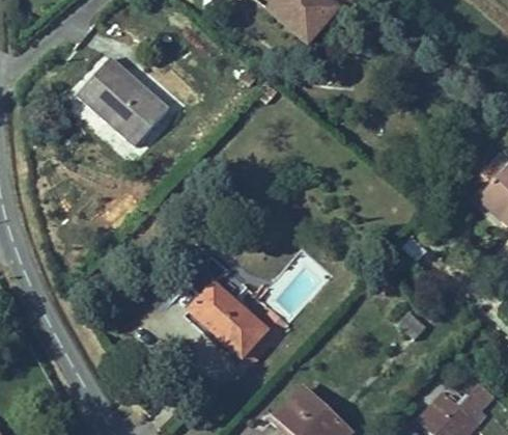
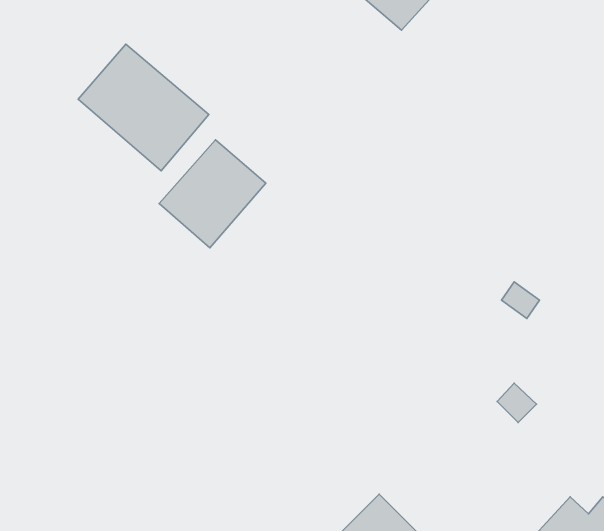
building: none -> [159,140,266,248]
building: [191,281,271,361] -> none

